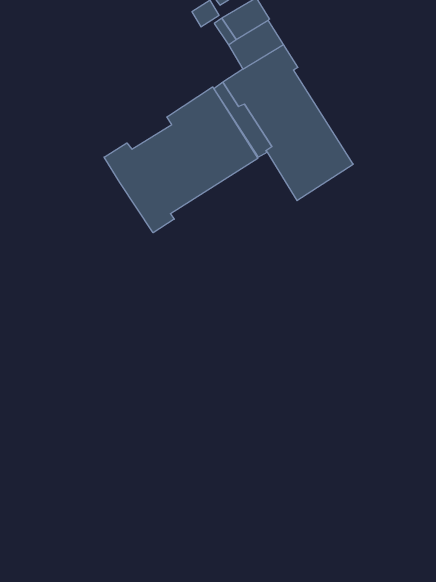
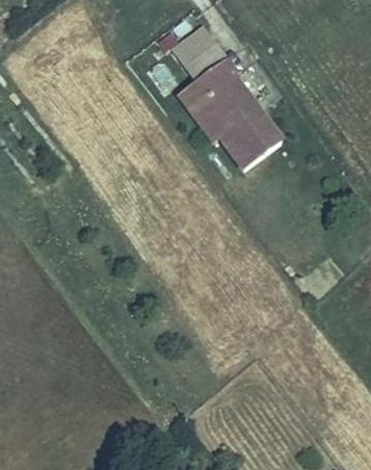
building: [104,87,258,233] -> none

